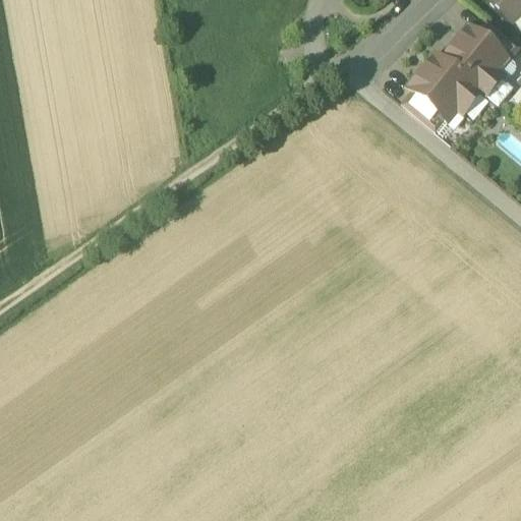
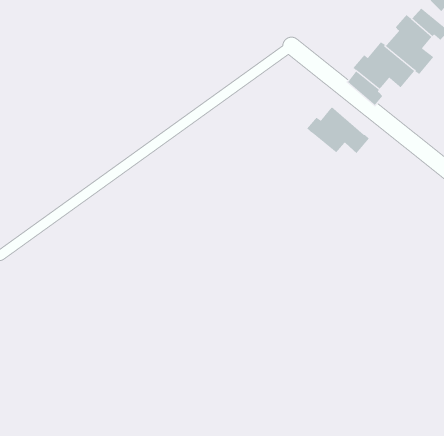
building: none -> [307,106,370,154]

